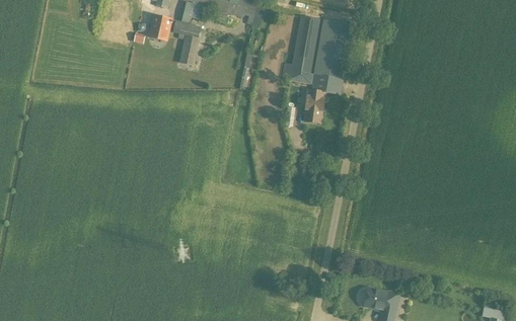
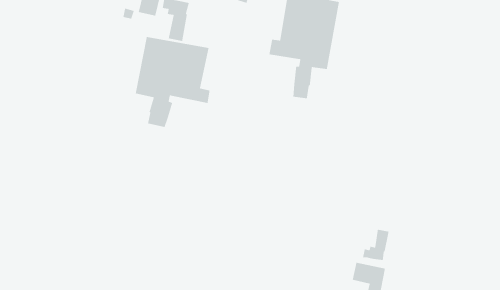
building: none -> [135,36,211,128]
building: none -> [362,229,389,261]

